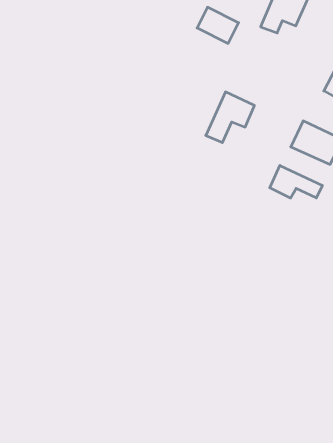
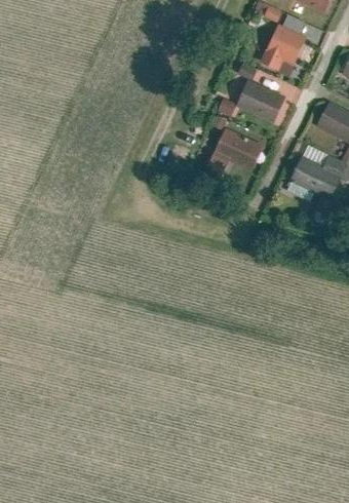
building: [197,7,239,43] -> [236,80,277,116]
building: [270,165,322,198] -> none

